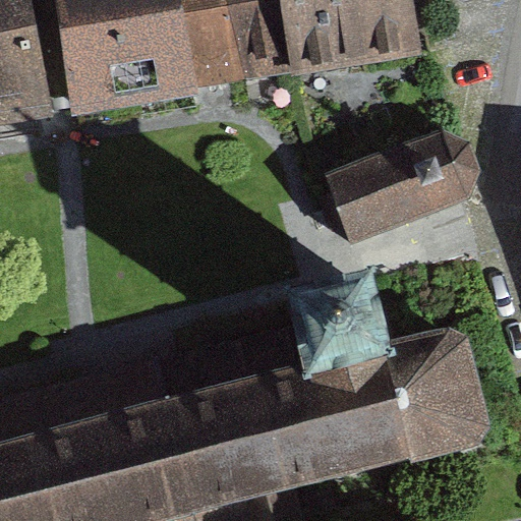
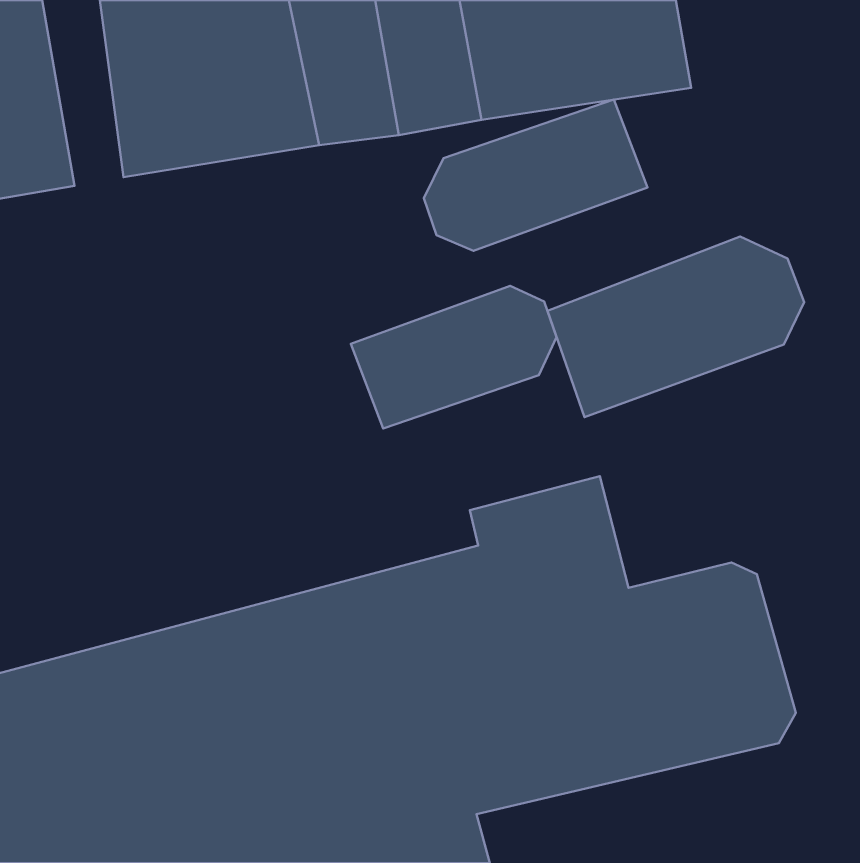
building: none -> [424,100,647,251]
building: none -> [351,286,557,429]

